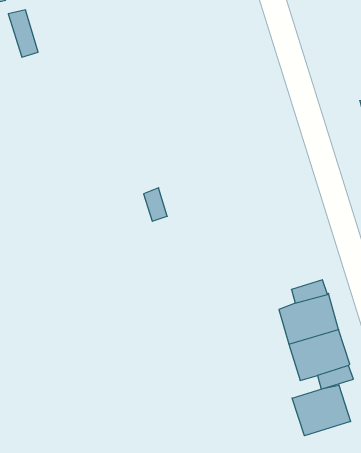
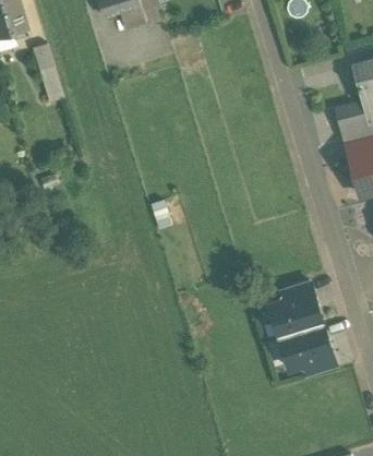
building: [292,385,351,436] -> none

